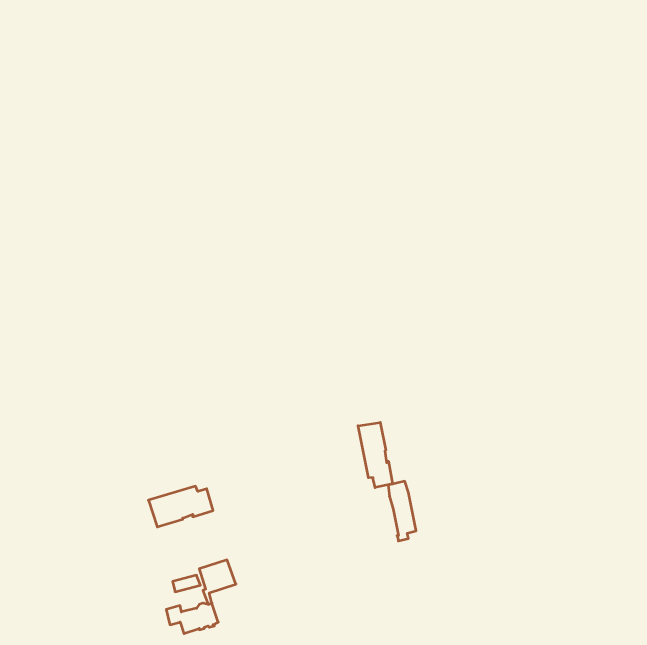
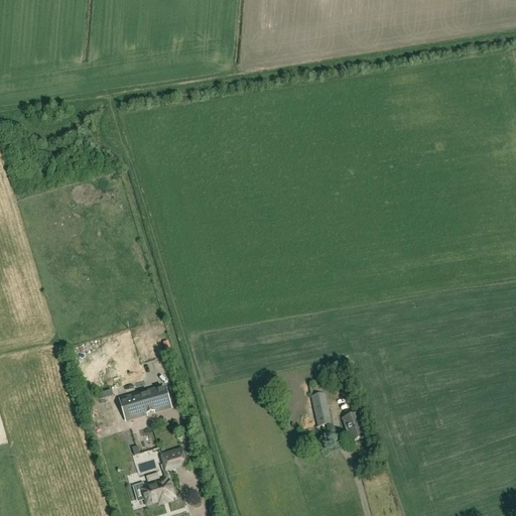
building: [358,422,393,488] -> none
building: none -> [342,410,364,439]

